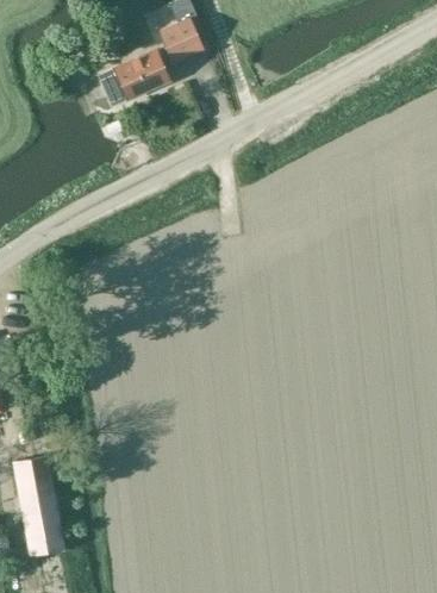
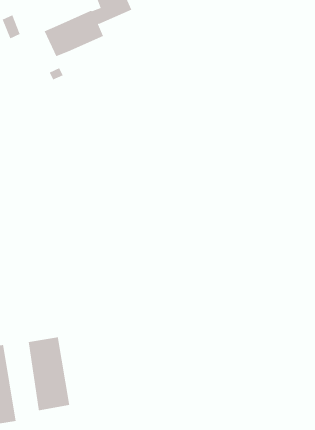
building: none -> [28,337,70,411]

